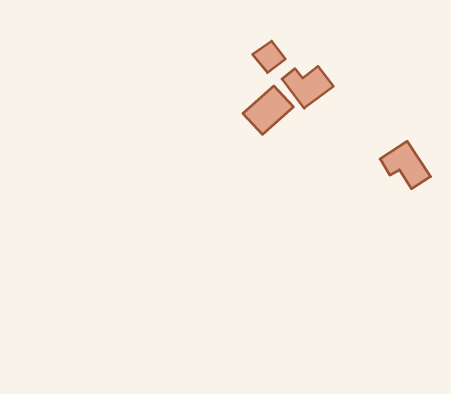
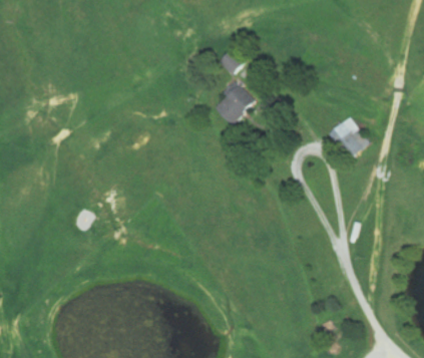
building: [282,66,333,108] -> none

